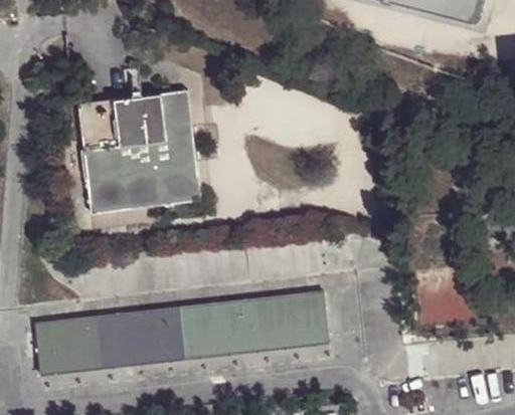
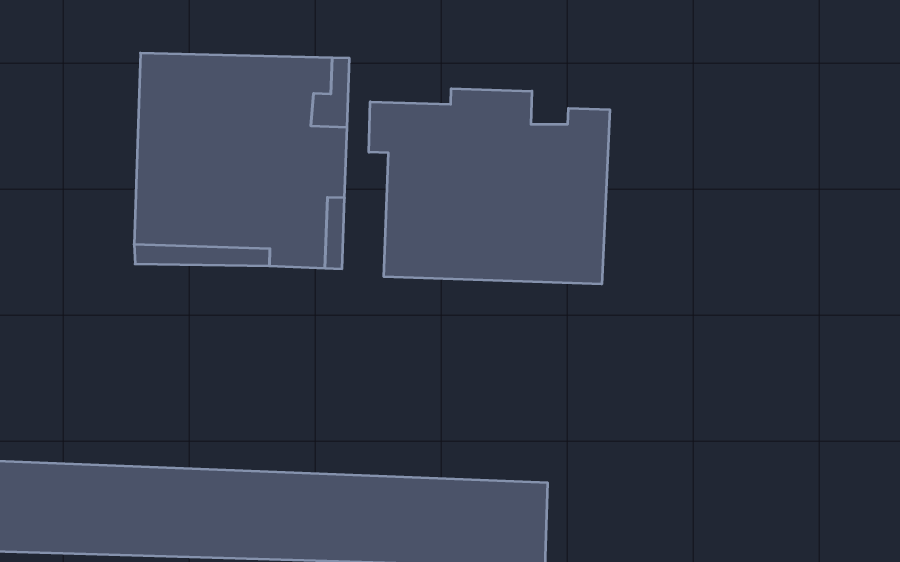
building: none -> [369,89,610,284]

